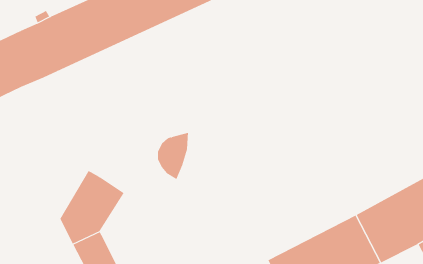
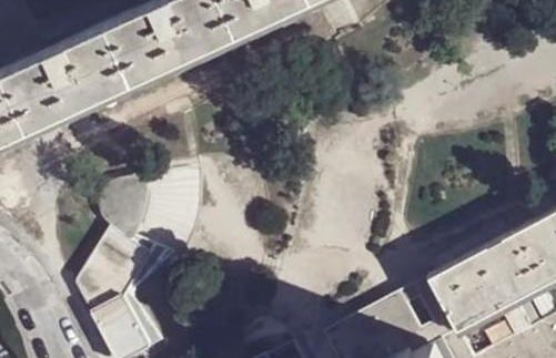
building: [157,132,189,180] -> [103,180,141,236]

